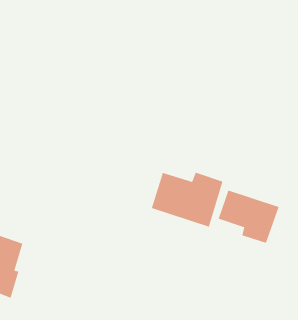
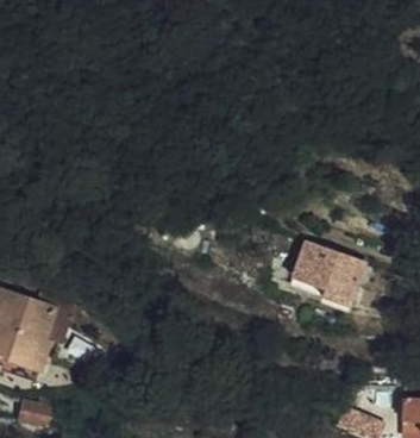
building: [151,172,223,228] -> none

